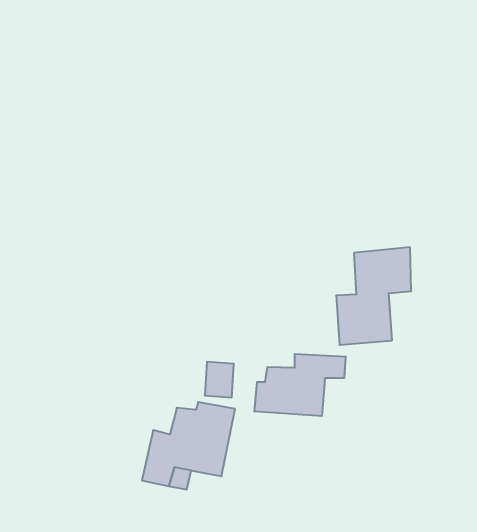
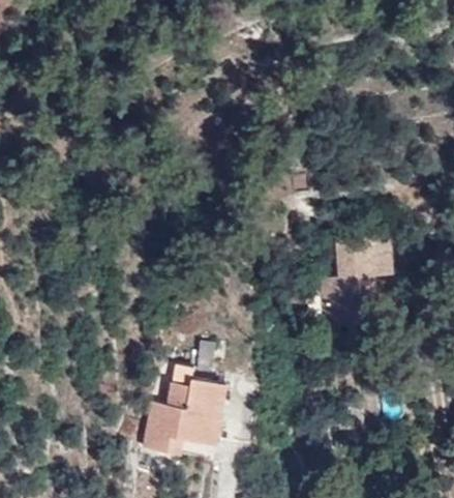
building: [254,354,346,416] -> none

